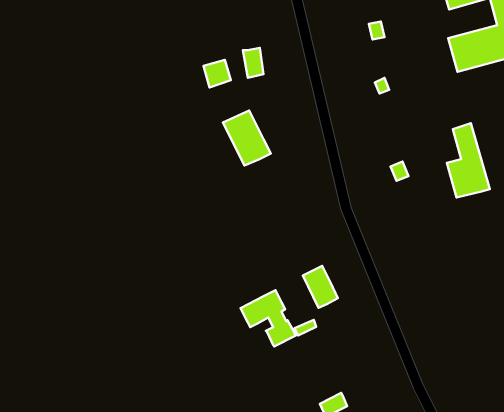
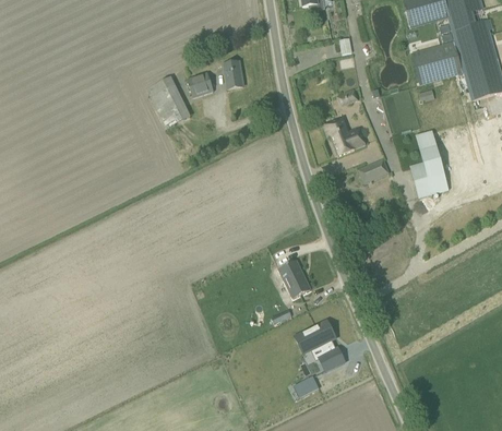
building: none -> [324,117,366,155]
building: [223,110,271,165] -> [147,77,191,128]
building: [241,290,296,346] -> [296,320,346,371]

